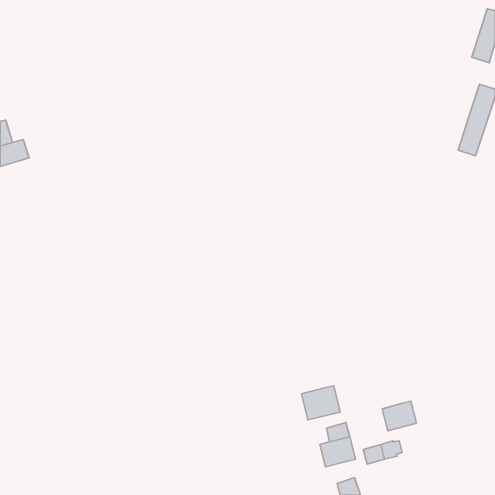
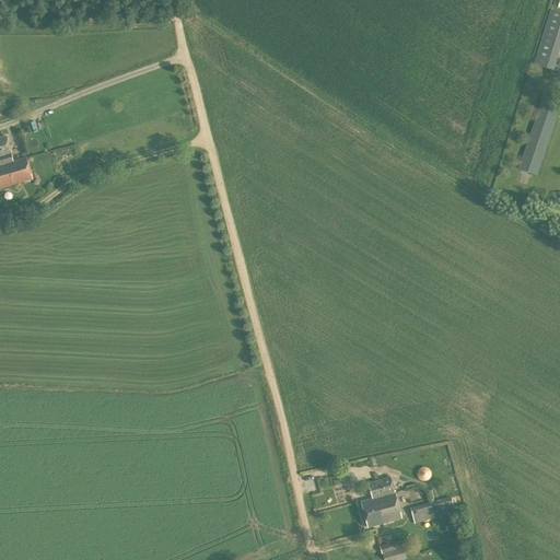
building: [302,386,340,420] -> none
building: [382,401,417,431] -> none

